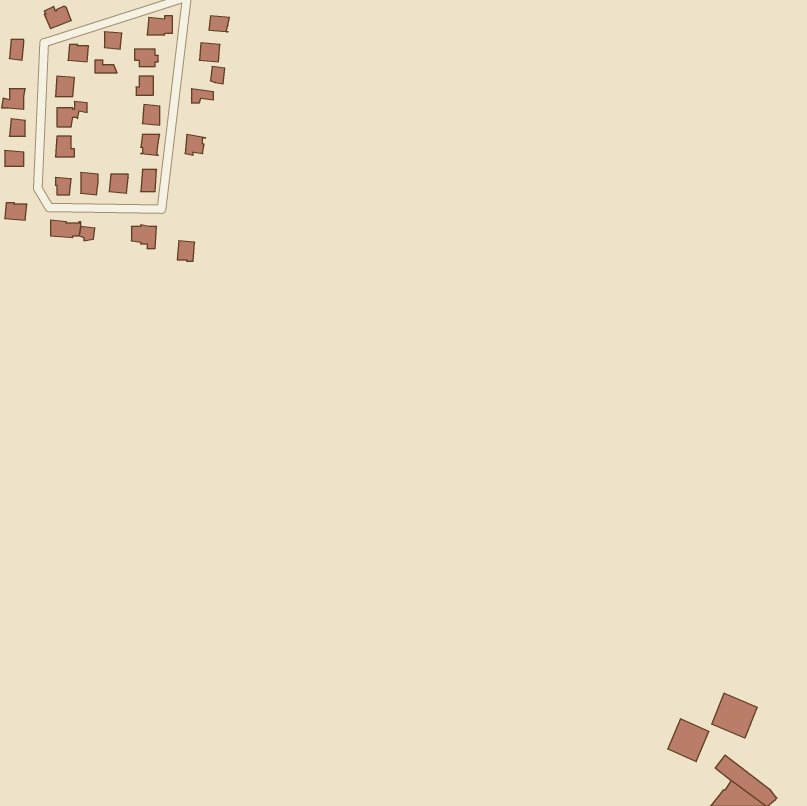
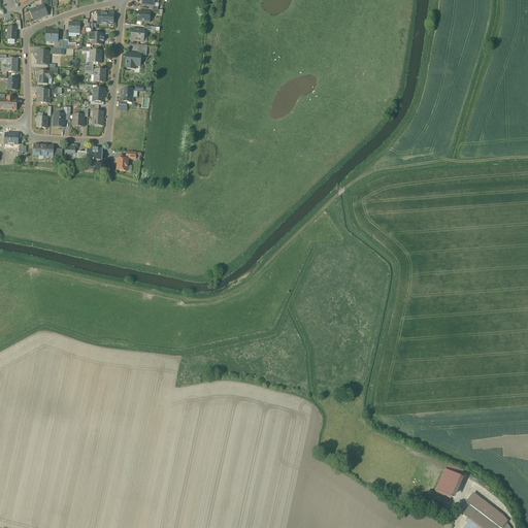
building: [712,693,757,738] -> none

